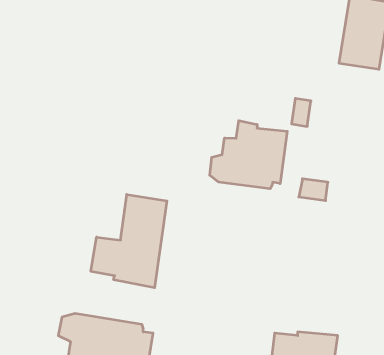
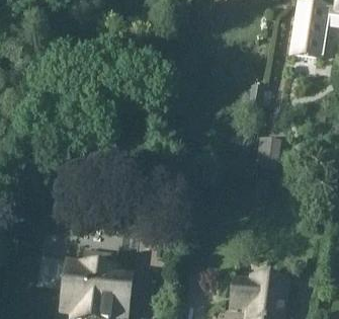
building: [210,121,287,189] -> none
building: [91,194,167,288] -> none

